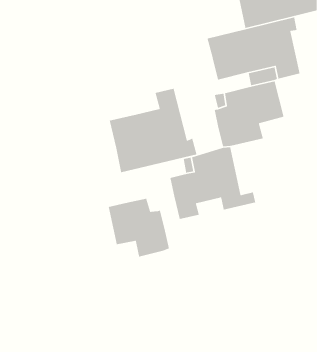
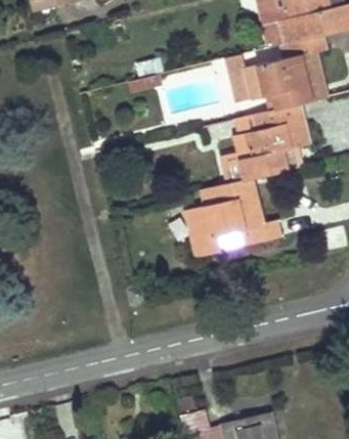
building: [109,88,197,173] -> none
building: [108,198,170,257] -> none

